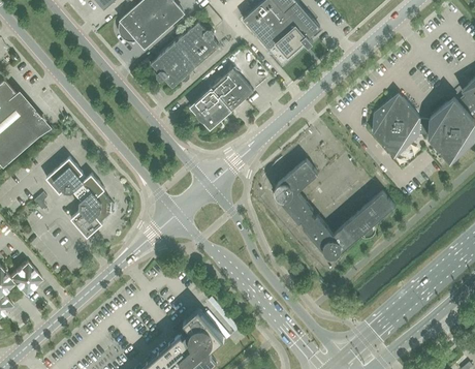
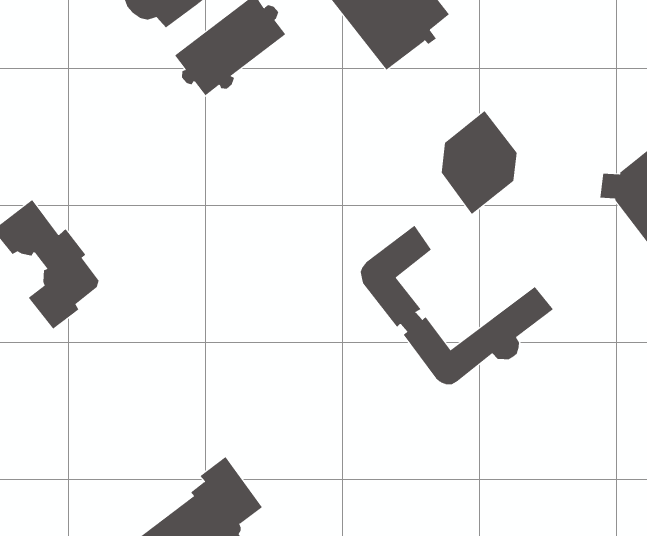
building: [189,67,253,129] -> none
building: [373,92,419,157] -> [441,110,517,215]

